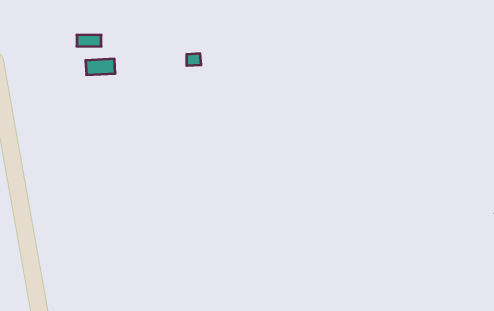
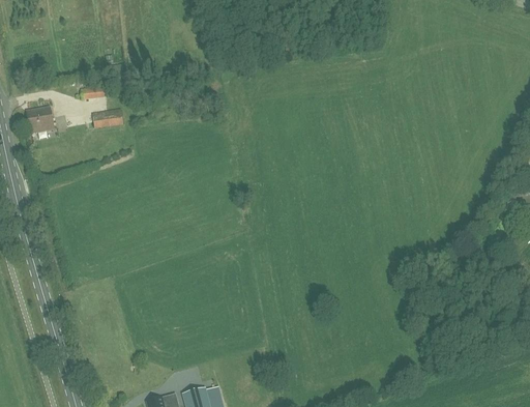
building: none -> [29,107,55,132]

